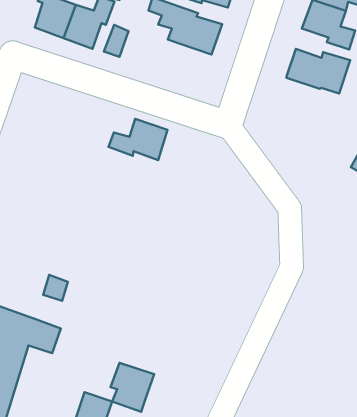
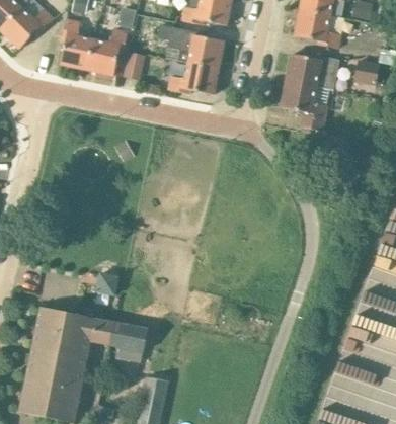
building: none -> [281,79,329,130]
building: [109,119,168,160] -> [168,61,218,94]
building: [111,363,154,412] -> [111,322,148,362]

